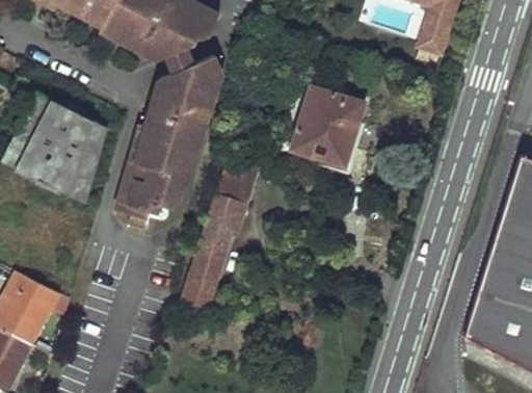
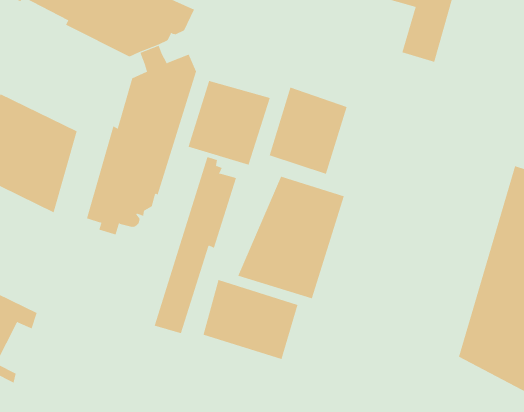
building: none -> [188,80,271,165]
building: none -> [238,176,345,299]
building: none -> [203,279,298,360]

